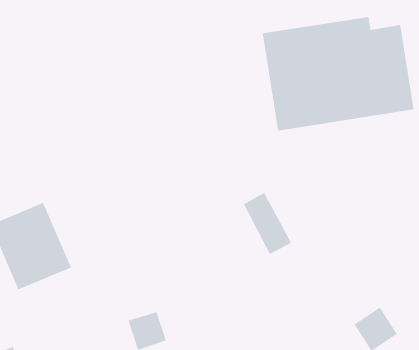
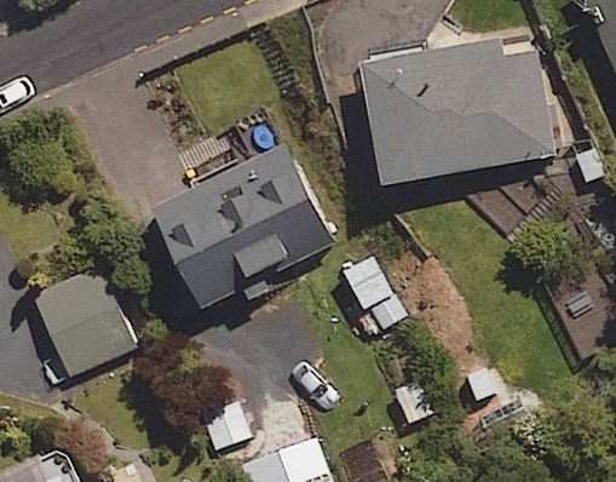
building: none -> [155,140,332,306]

